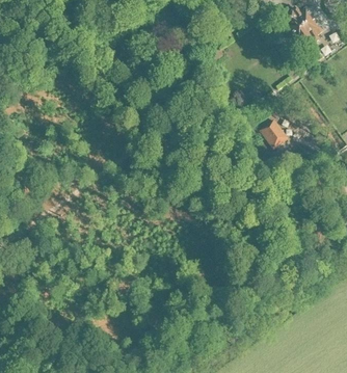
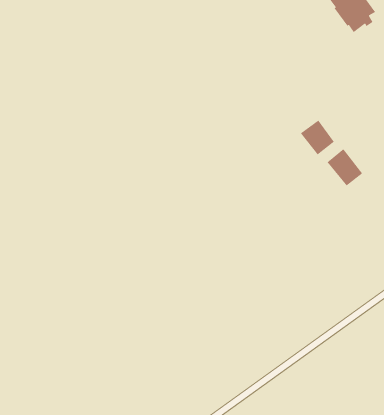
building: none -> [327,148,363,186]

